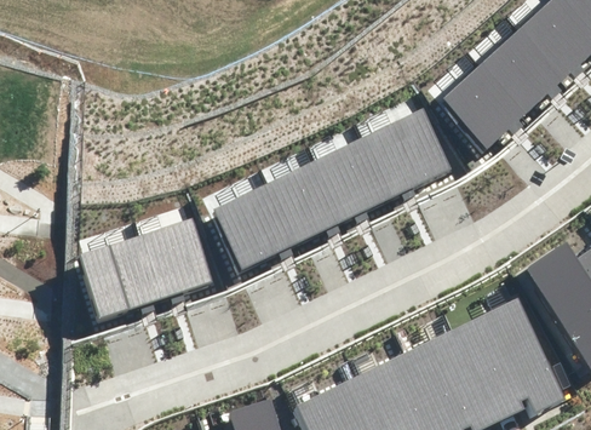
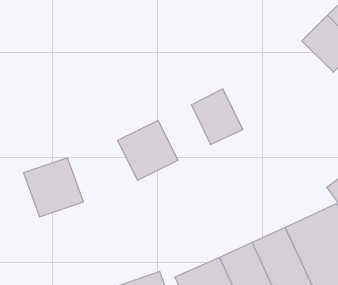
building: [444,63,528,145] -> none
building: [367,108,451,193] -> none
building: [272,156,349,237] -> none
building: [140,212,228,298] -> none

